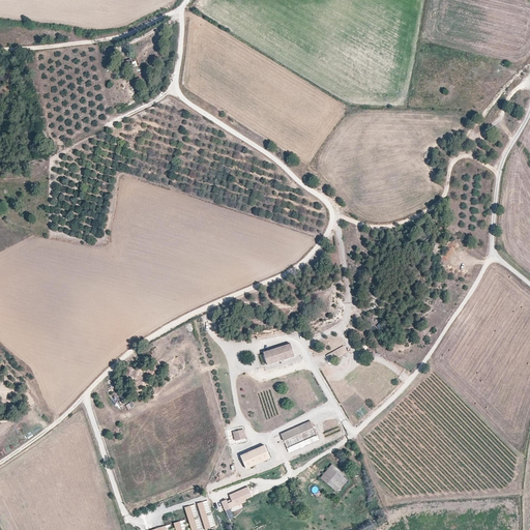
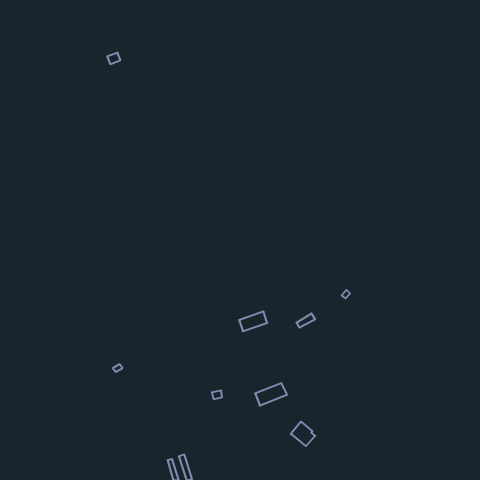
building: [240,444,270,468] -> none

